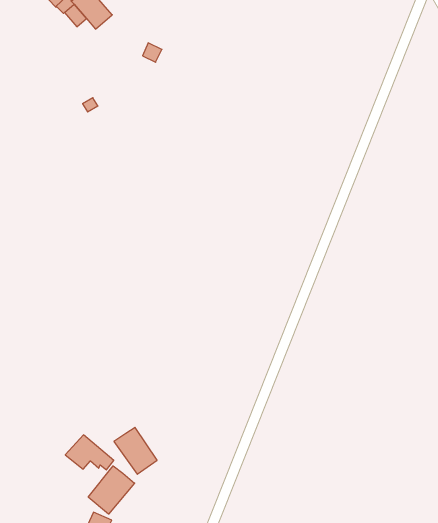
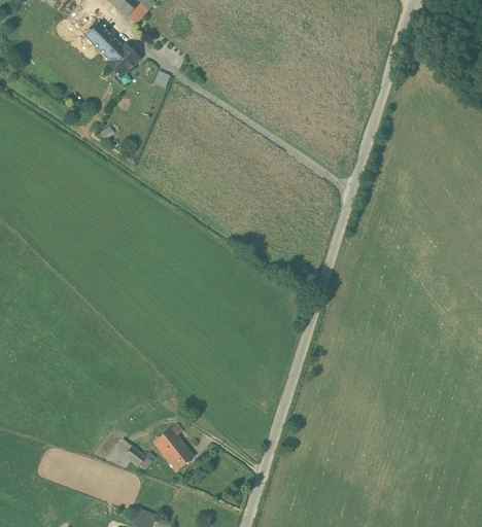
building: none -> [107,45,139,76]
building: [88,466,135,514] -> none

